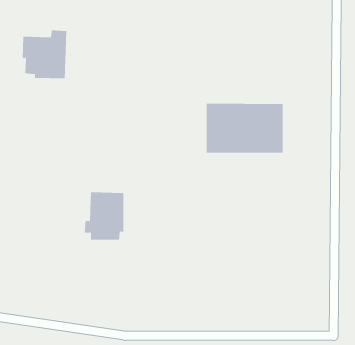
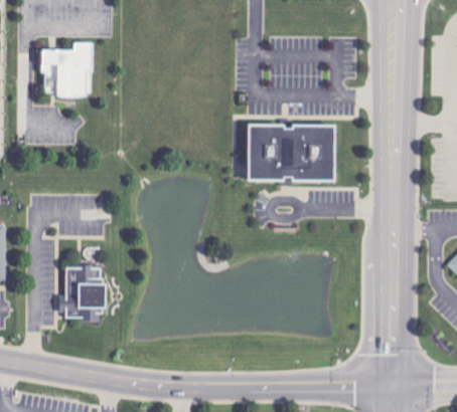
building: [84,192,124,240] -> [58,265,104,320]

